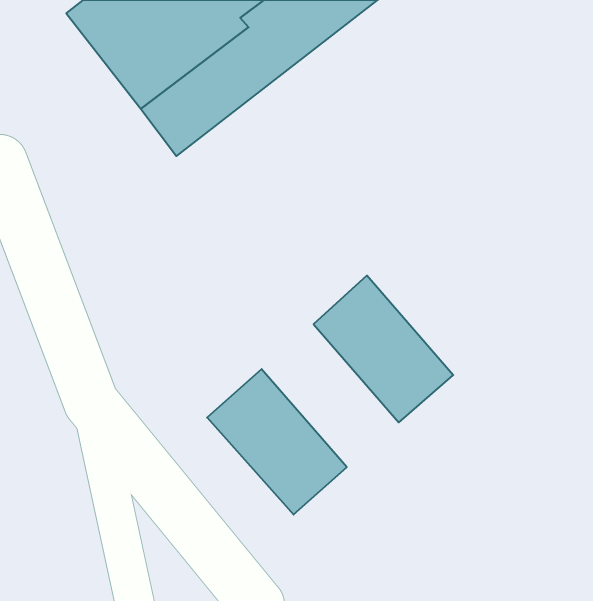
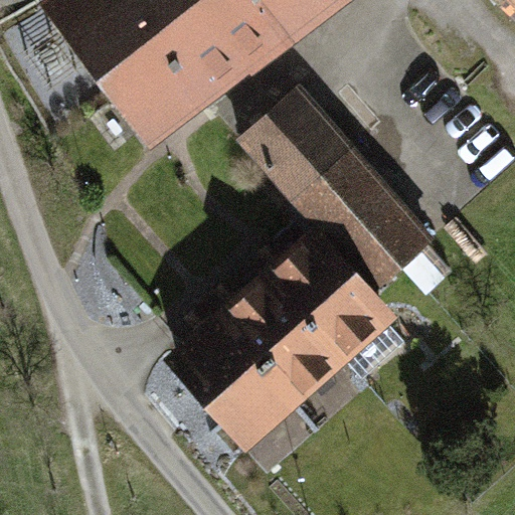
building: none -> [251,110,439,292]
building: none -> [232,279,349,400]

